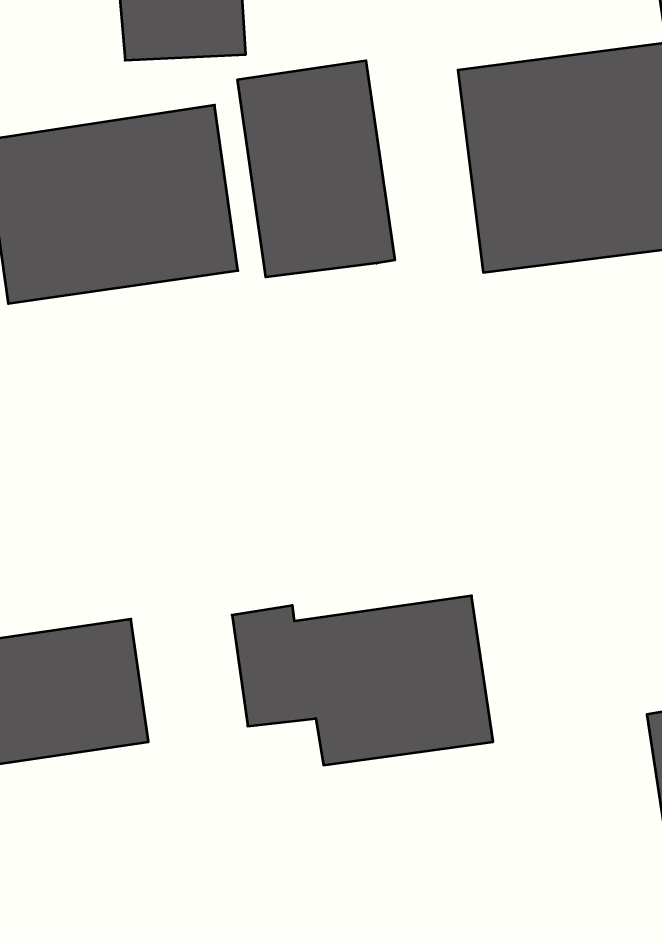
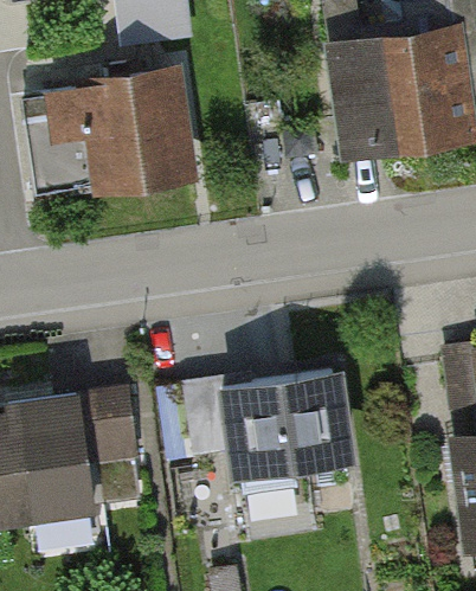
building: [238,61,395,277] -> none

